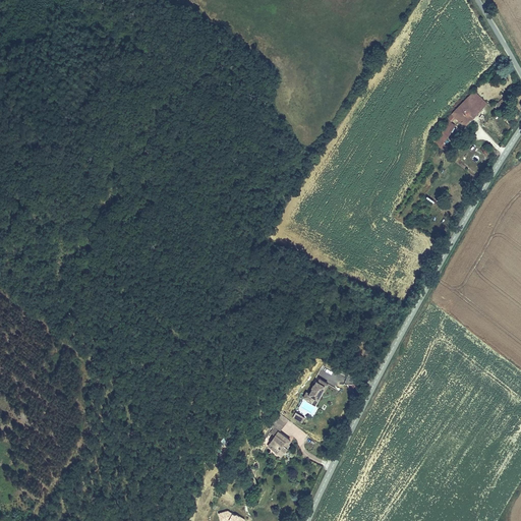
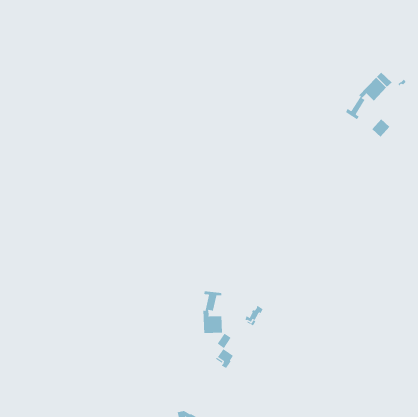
building: none -> [203,291,222,334]

